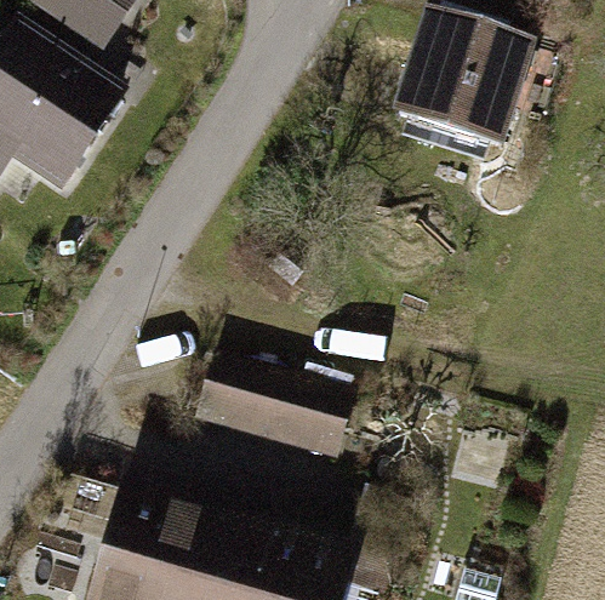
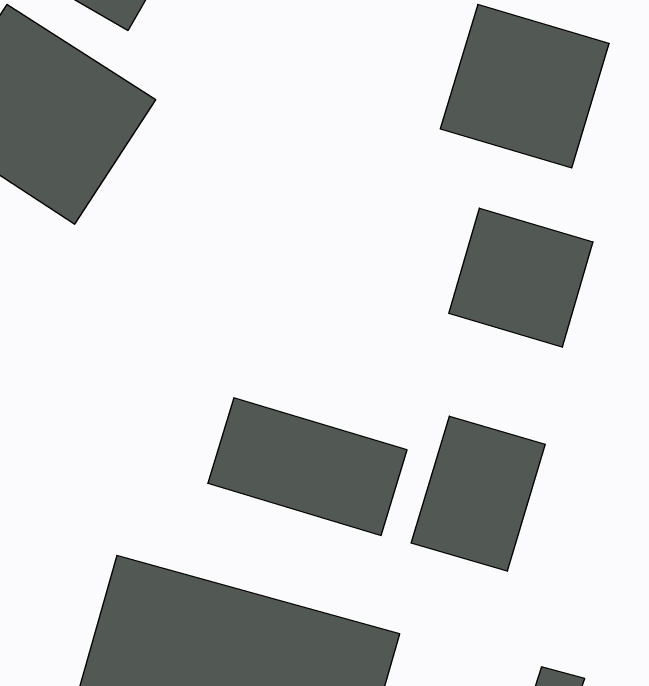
building: none -> [449,208,593,347]
building: none -> [411,416,545,571]

